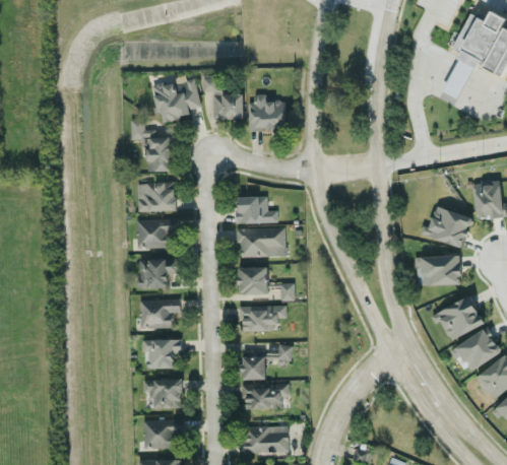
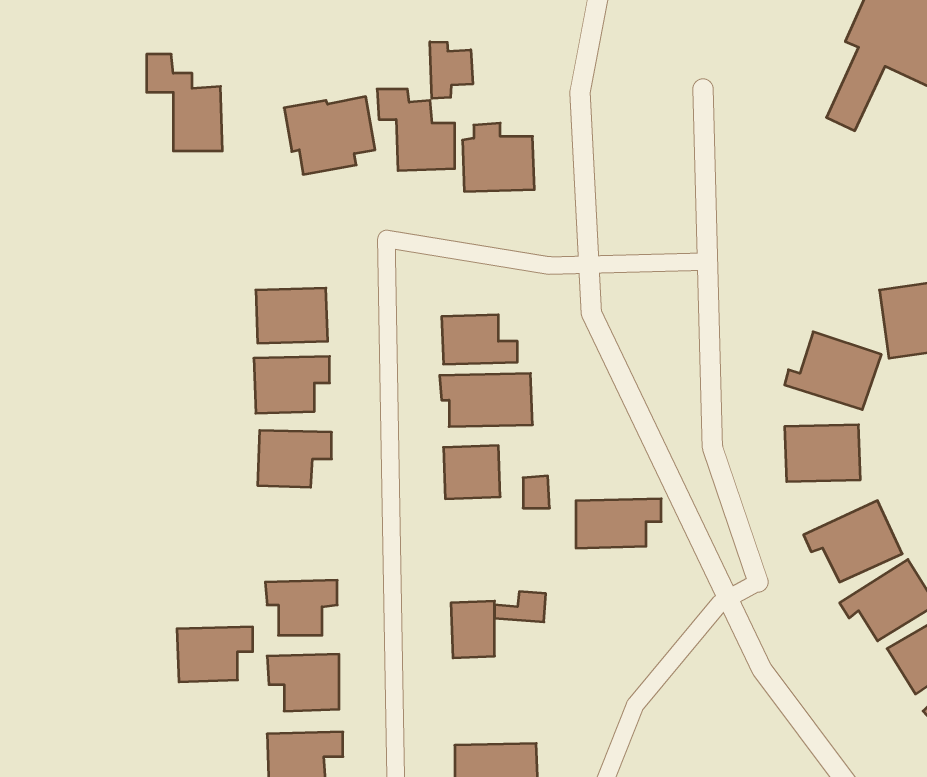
building: none -> [430,42,473,98]
building: [131,120,172,172] -> [147,54,222,151]
building: [139,300,180,329] -> [177,627,253,682]
building: [241,306,287,332] -> [576,499,661,548]
building: [243,384,289,409] -> none

